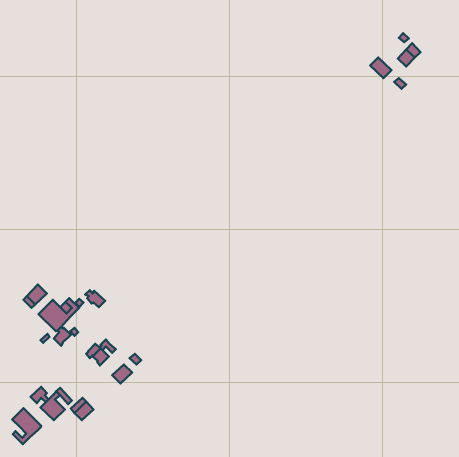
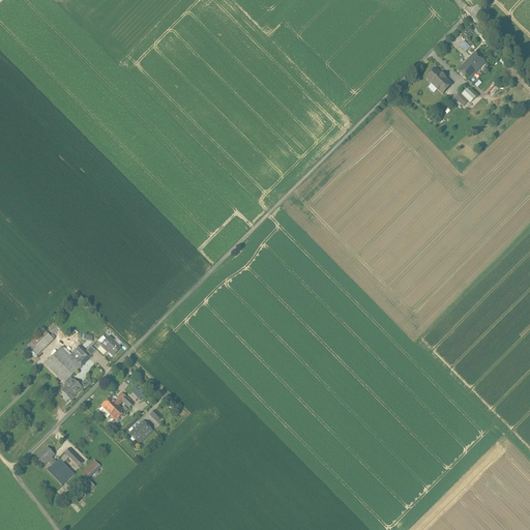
building: [12,408,41,444] -> none

